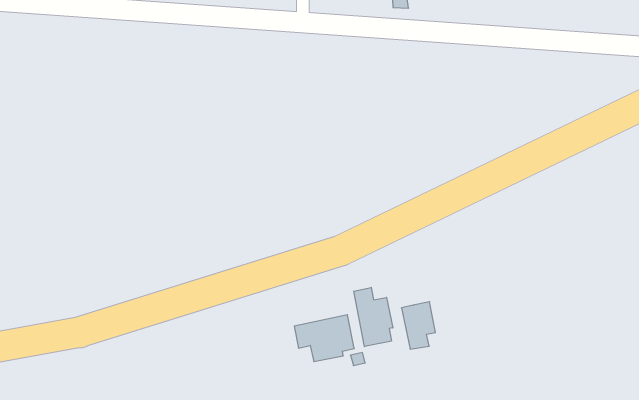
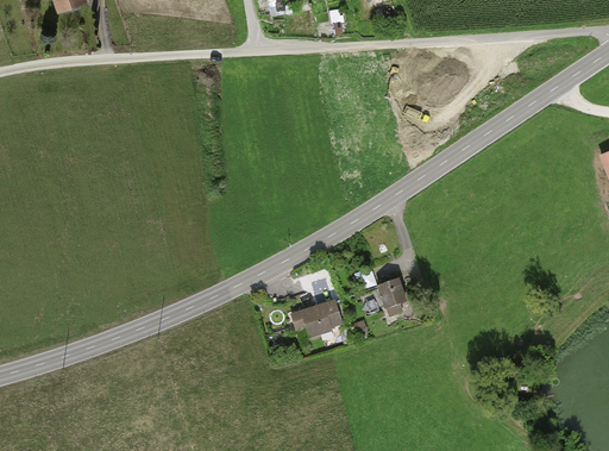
building: [354,287,393,347] -> none

